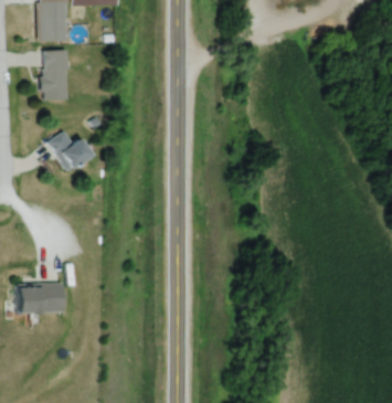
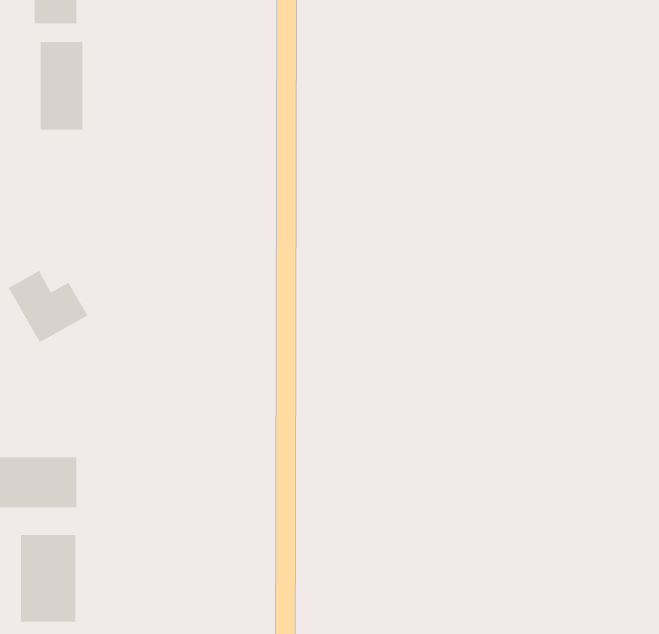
building: [47,131,93,172] -> [8,270,89,343]
building: none -> [20,534,76,623]

